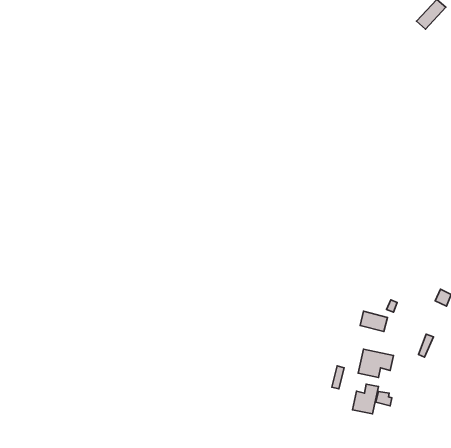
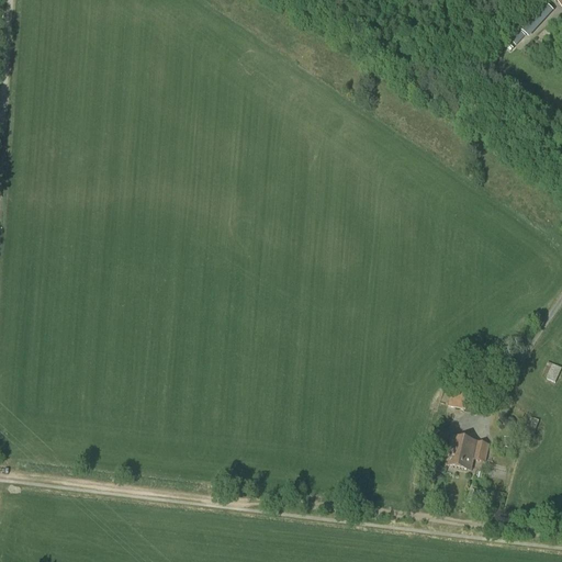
building: [353,384,379,414] -> none

